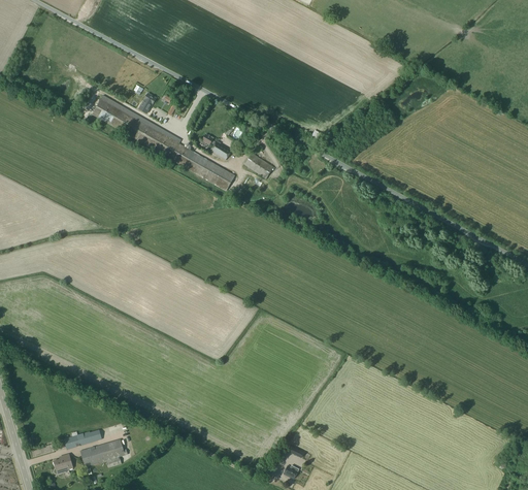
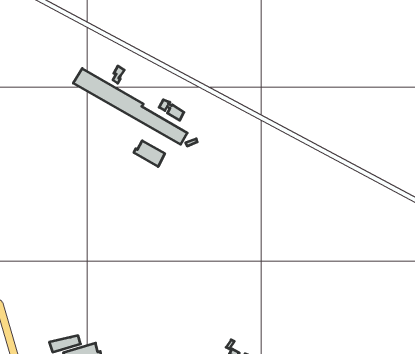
building: [244,152,274,178] -> none
building: none -> [134,141,165,167]

